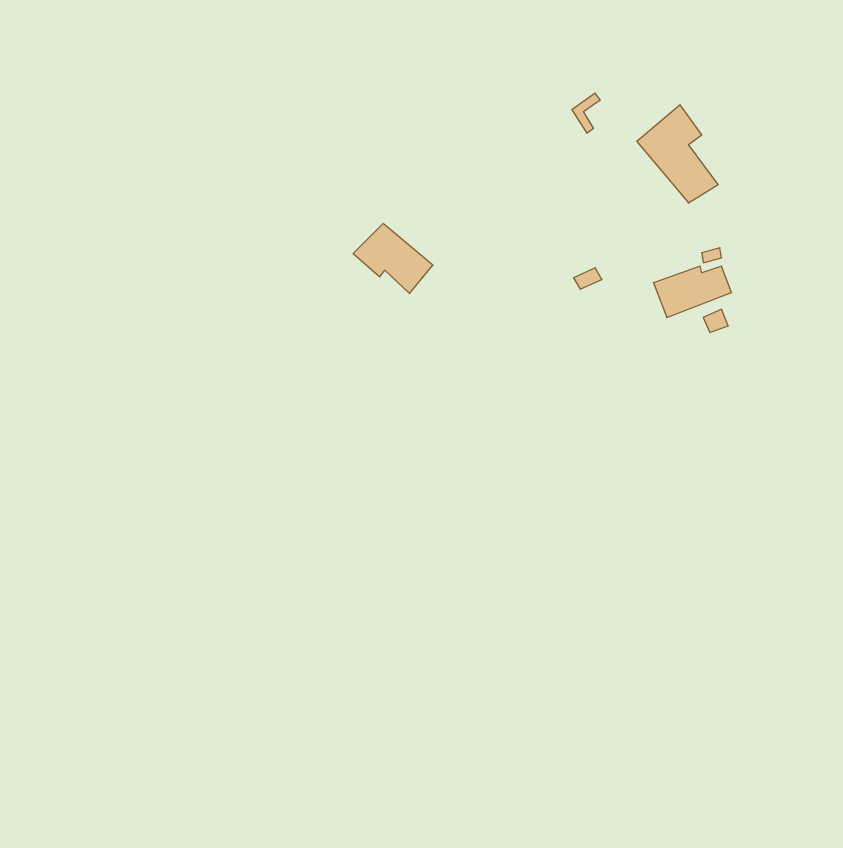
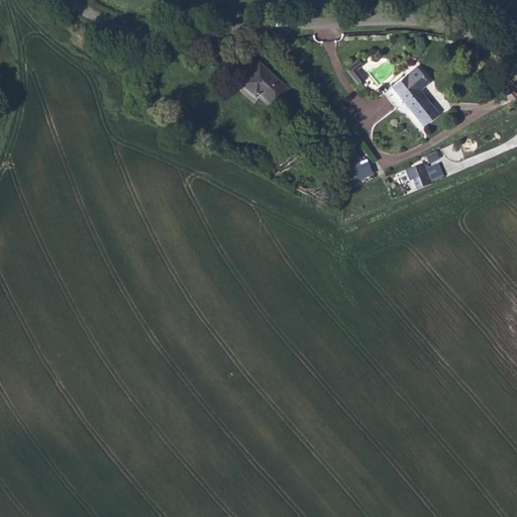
building: [353,224,433,293] -> [239,62,288,104]

